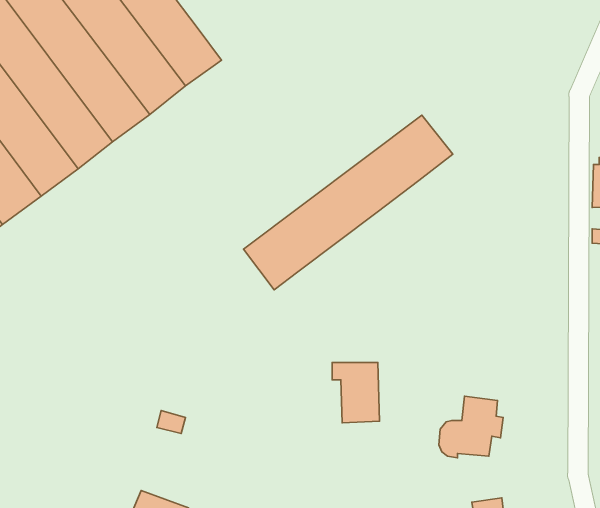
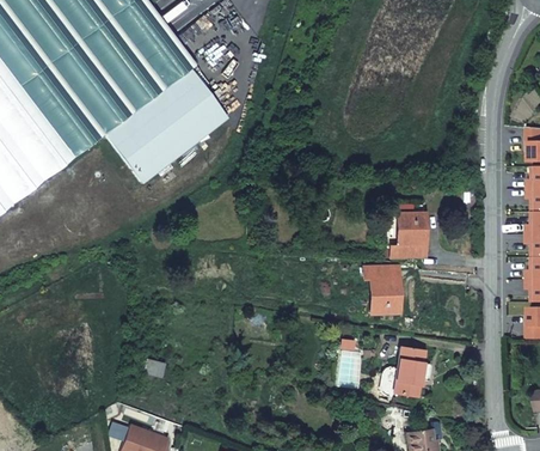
building: none -> [105,68,228,182]
building: [244,115,453,290] -> none
building: none -> [388,209,428,258]
building: [332,363,379,423] -> [362,264,401,315]

